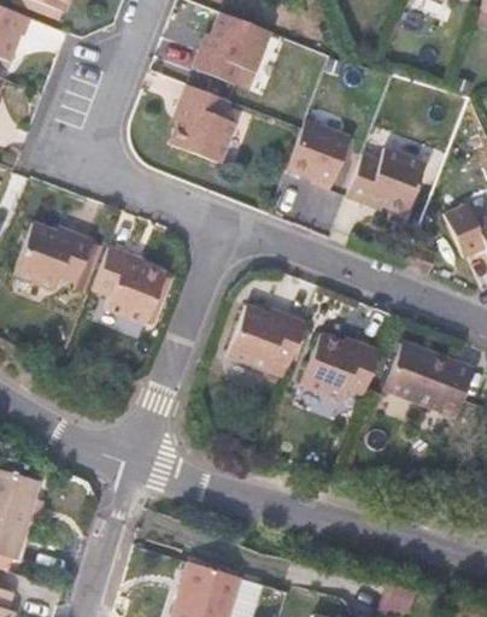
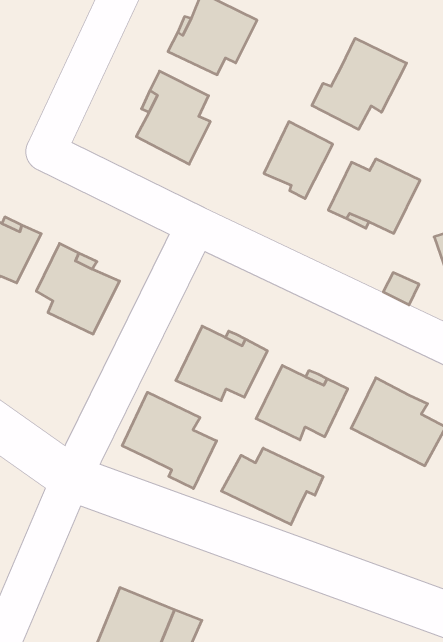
building: none -> [312,38,407,129]
building: none -> [122,392,217,489]
building: none -> [221,448,323,525]

